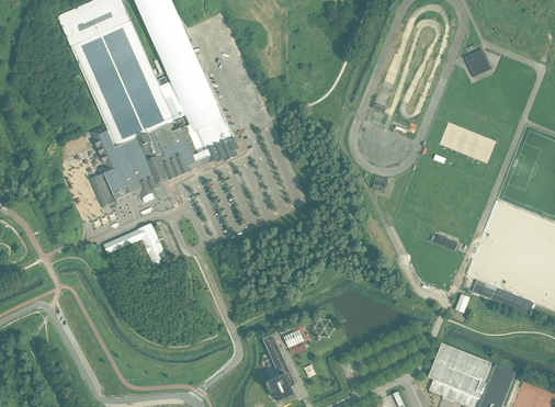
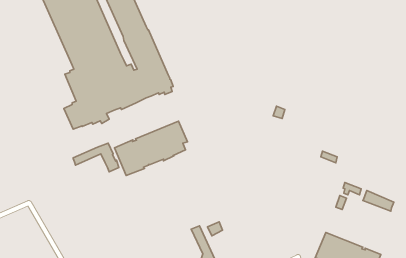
building: [463,48,490,77] -> none
building: none -> [115,121,188,176]

